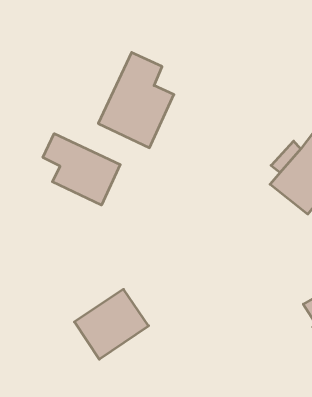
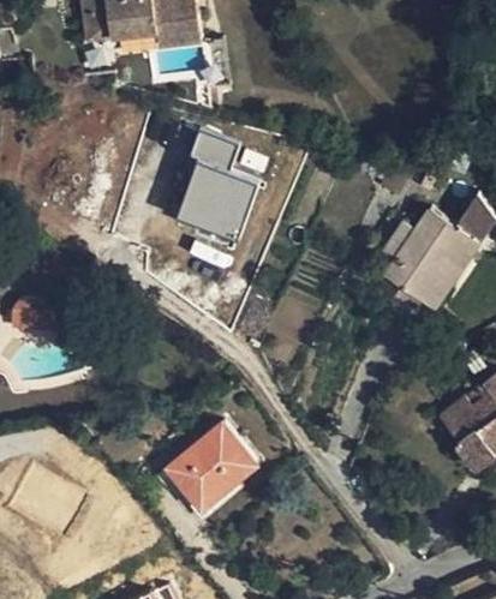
building: [43,134,120,205] -> none

